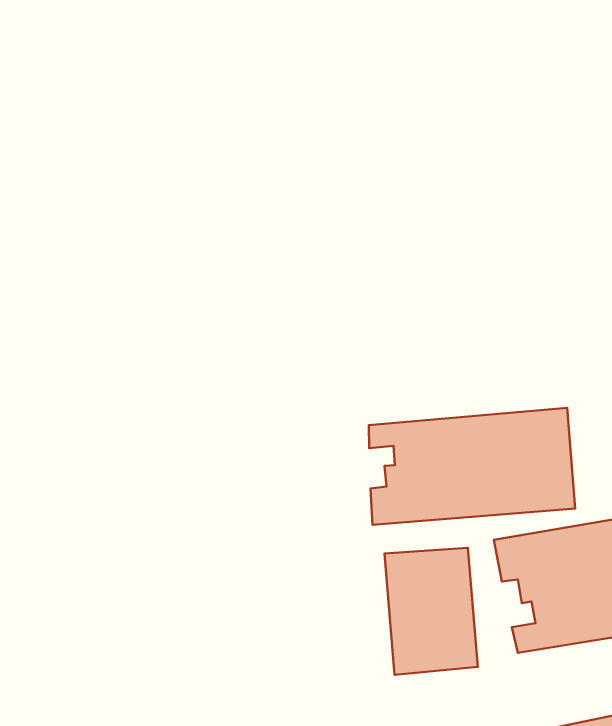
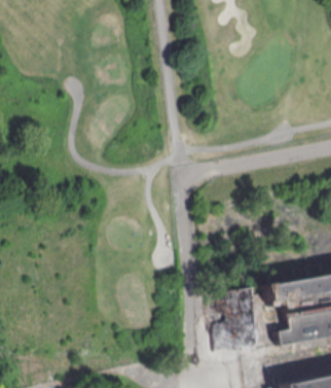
building: [369,408,575,525] -> none

